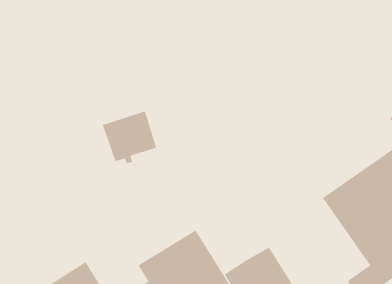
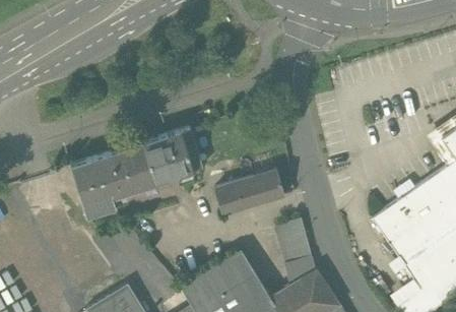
building: none -> [71,143,158,215]
building: none -> [211,159,284,214]
building: none -> [276,217,317,283]

